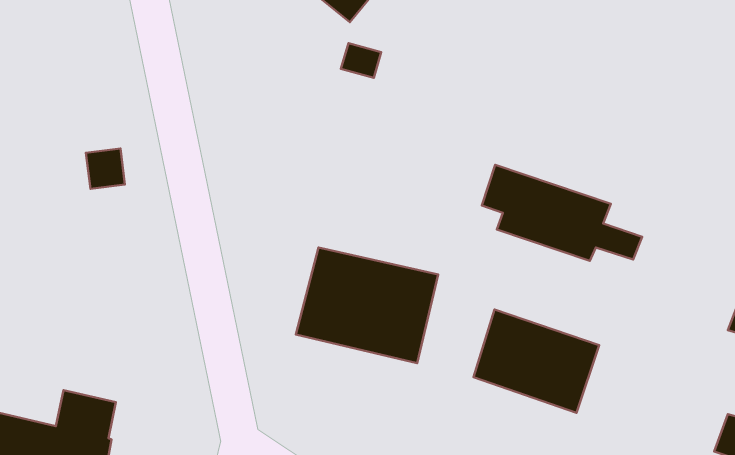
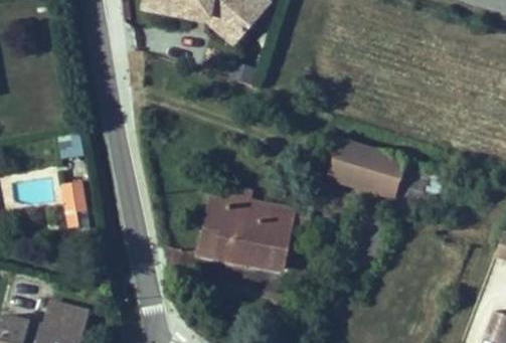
building: none -> [61,179,92,228]
building: [474,310,599,413] -> none

